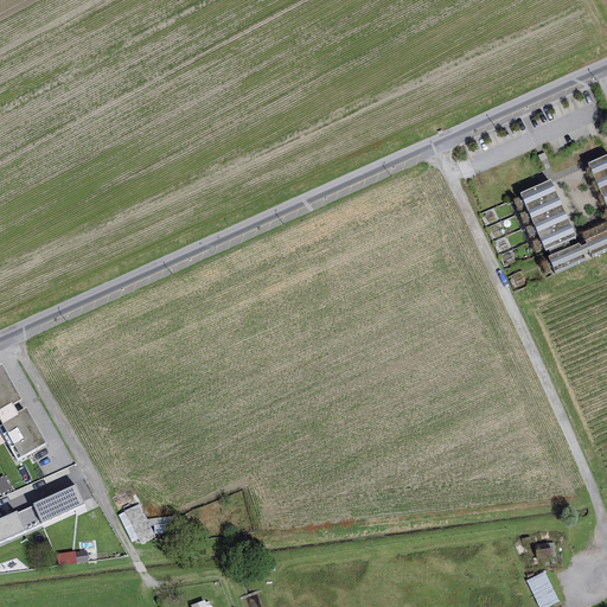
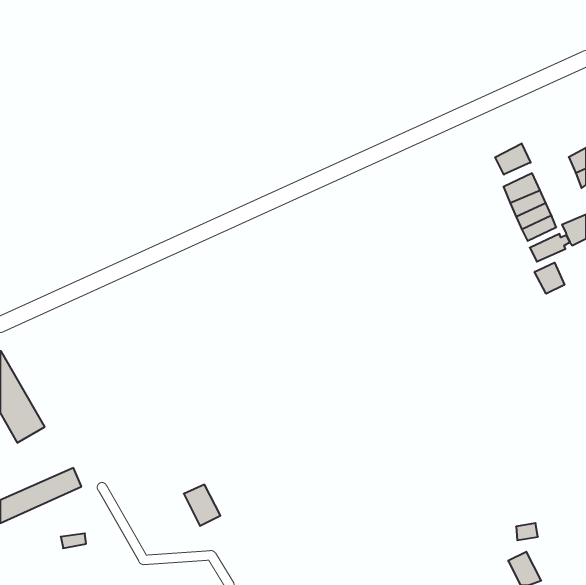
building: none -> [495,143,531,175]
building: none -> [535,263,564,294]
building: [117,504,155,547] -> [184,485,220,526]

